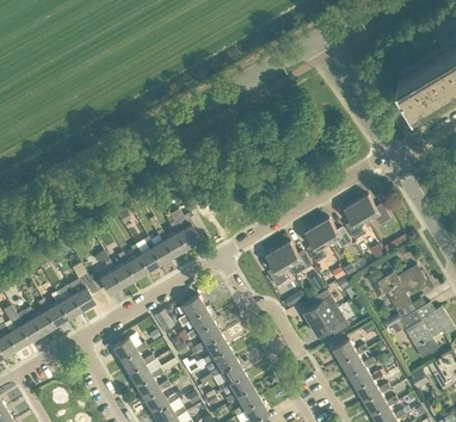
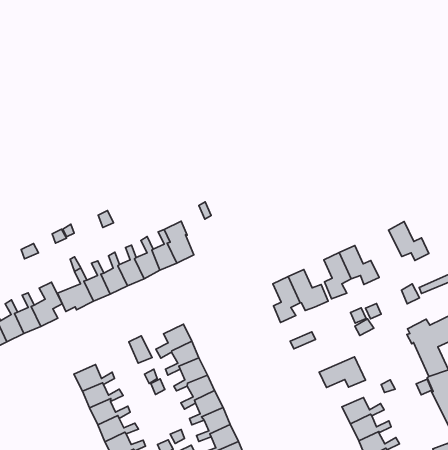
building: [344,204,369,242] -> none
building: [303,291,339,325] -> none

